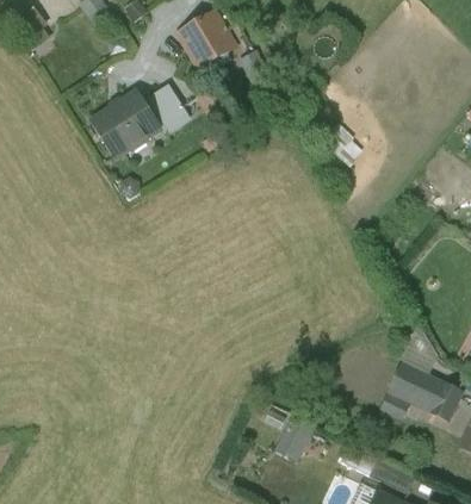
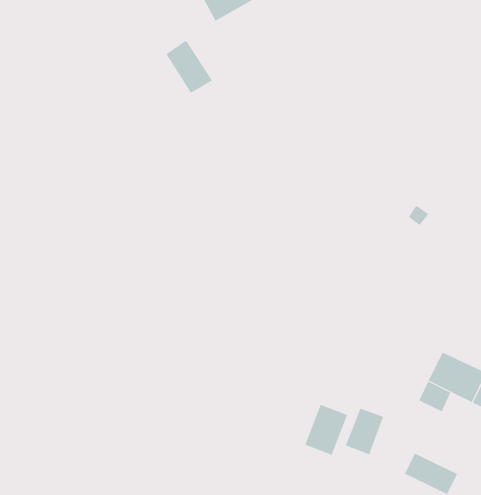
building: [93,91,160,155] -> none
building: none -> [345,408,384,455]

